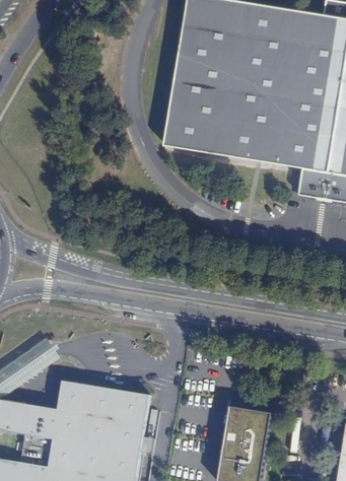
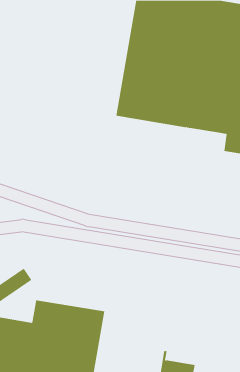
building: [226,407,273,463] -> none

